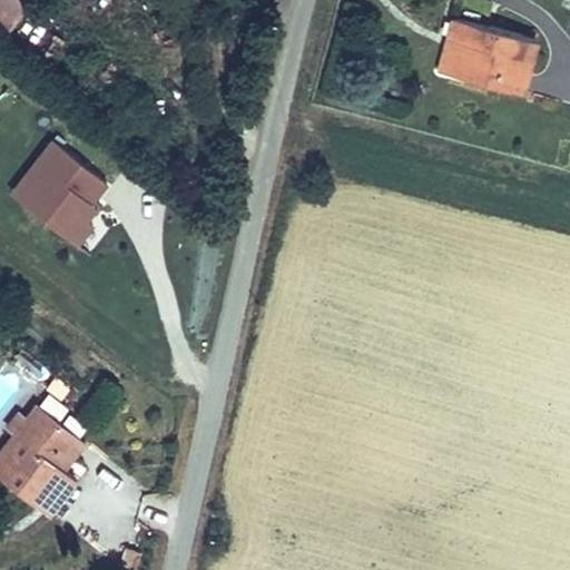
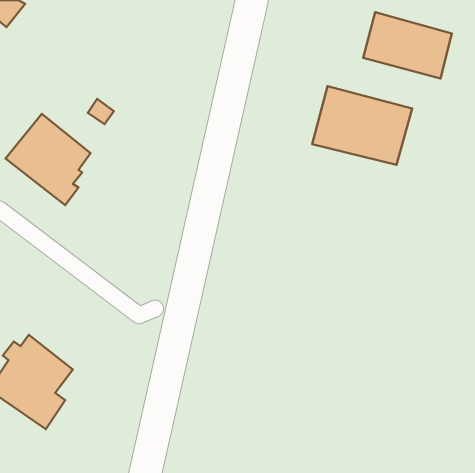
building: none -> [312,86,412,165]

